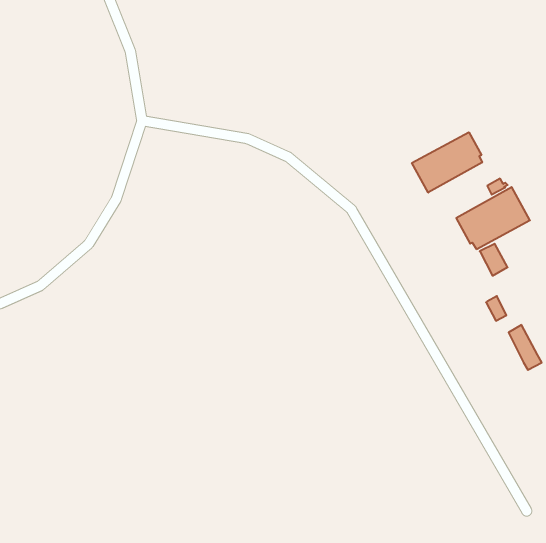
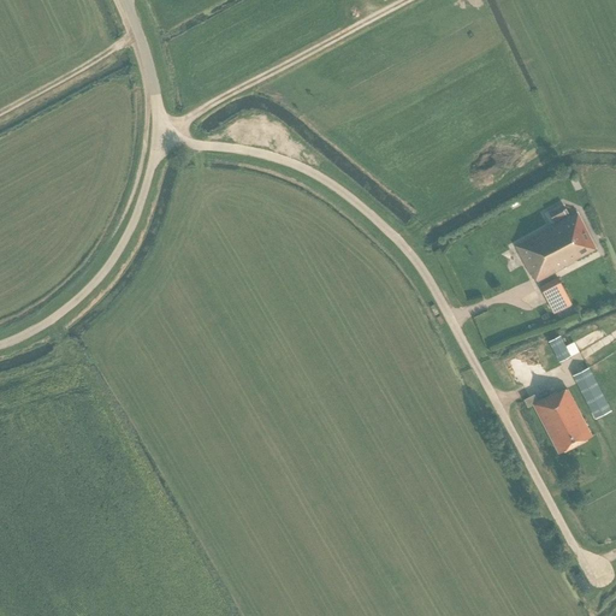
building: [412,132,482,193] -> none
building: none -> [522,387,592,455]

